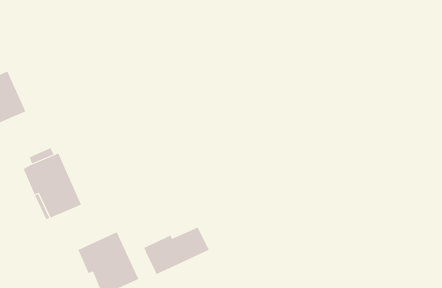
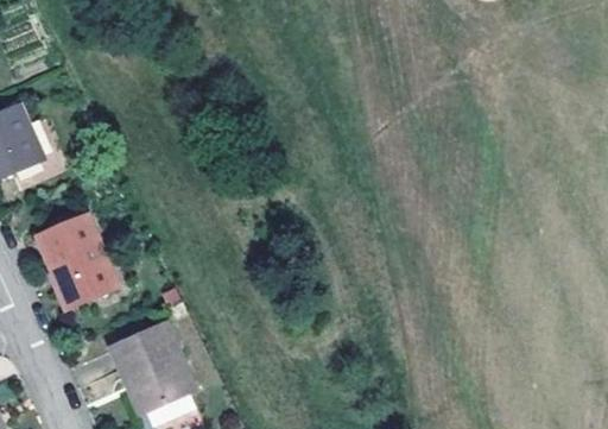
building: [144,227,209,275] -> none

